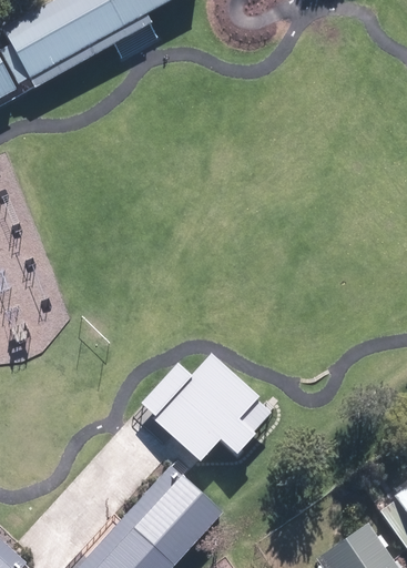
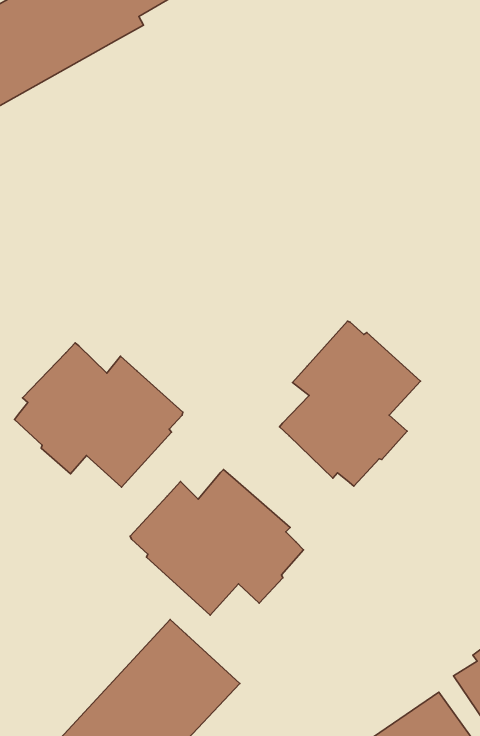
building: none -> [279,321,420,486]
building: none -> [14,343,183,487]

